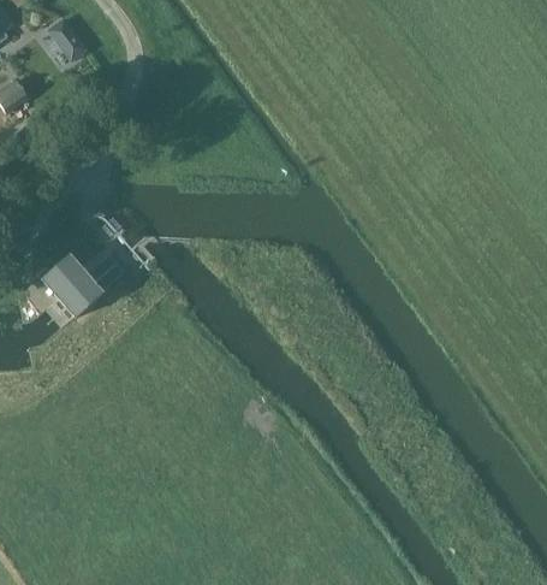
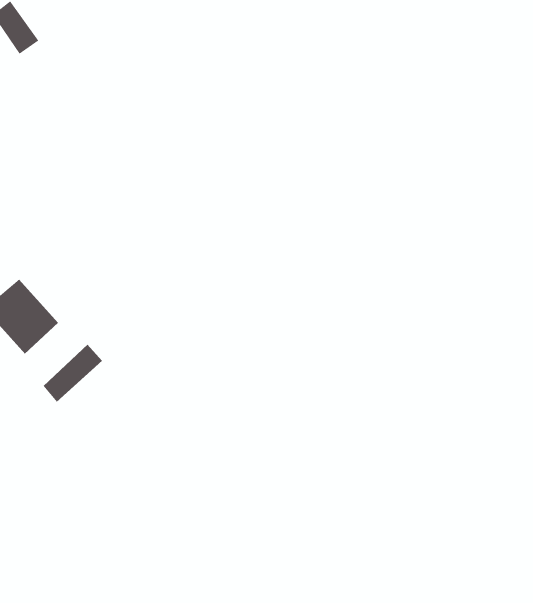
building: none -> [43,344,103,403]

